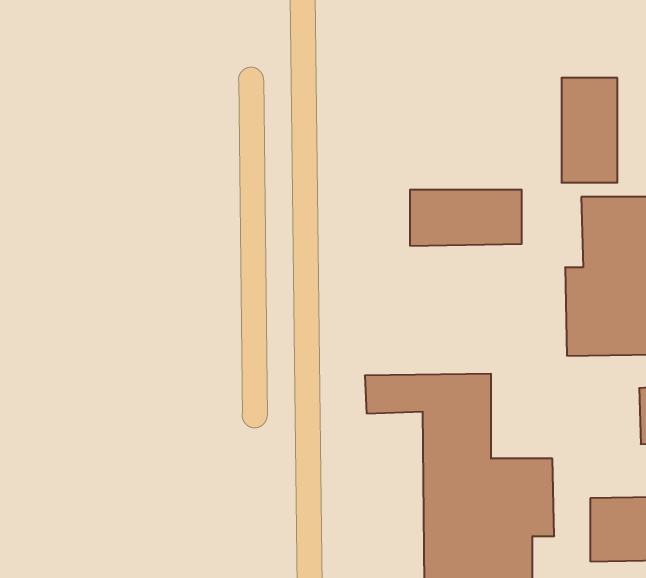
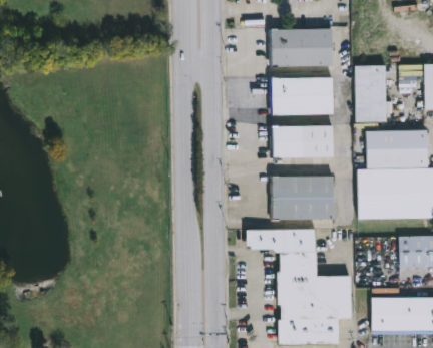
building: none -> [271,29,332,66]
building: none -> [272,77,333,114]
building: none -> [271,177,333,219]

